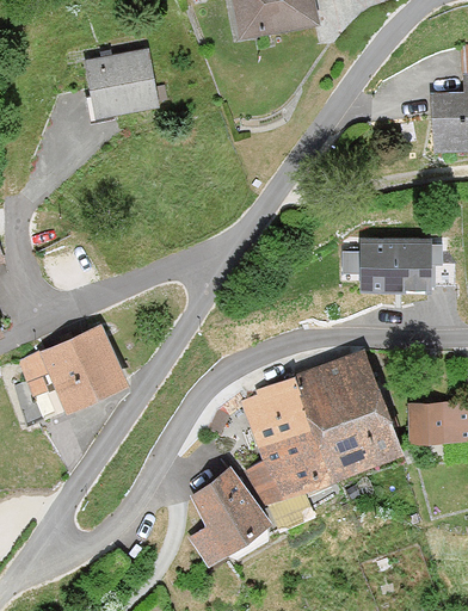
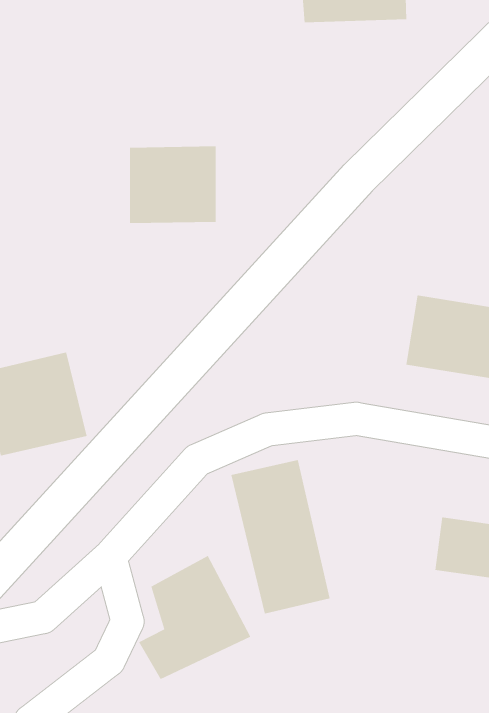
building: [81,50,158,121] -> [129,146,217,224]
building: [289,348,406,481] -> none

